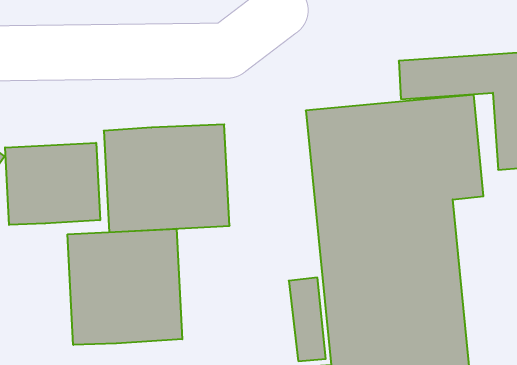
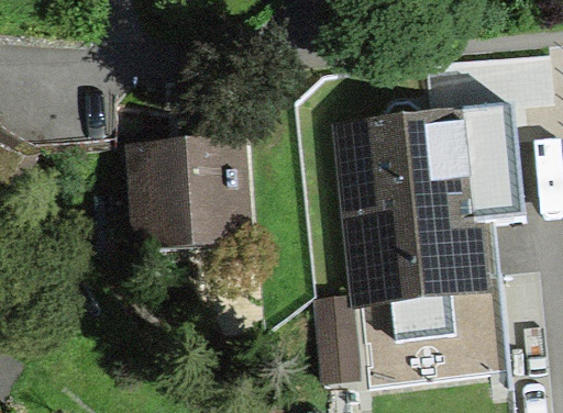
building: [5,143,100,225] -> none
building: [68,229,182,345] -> none

